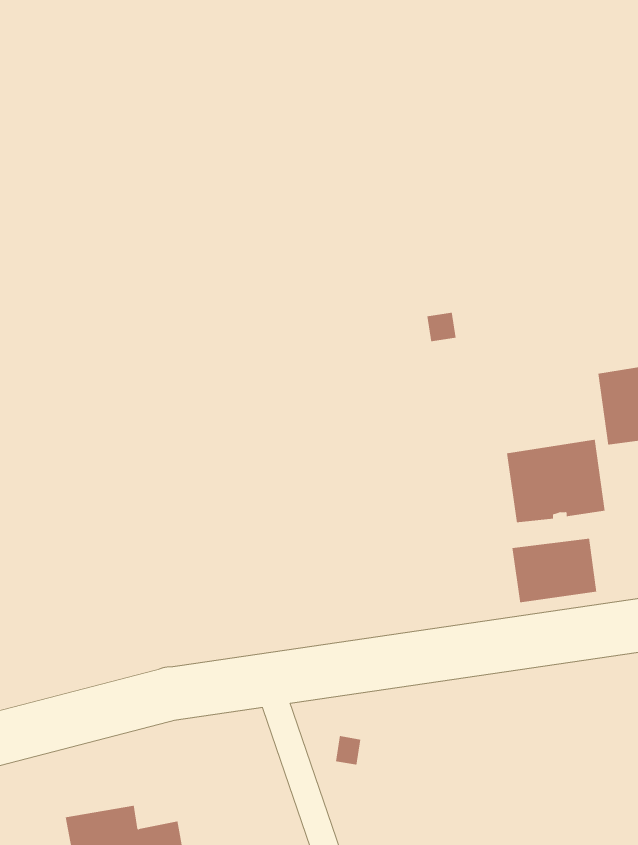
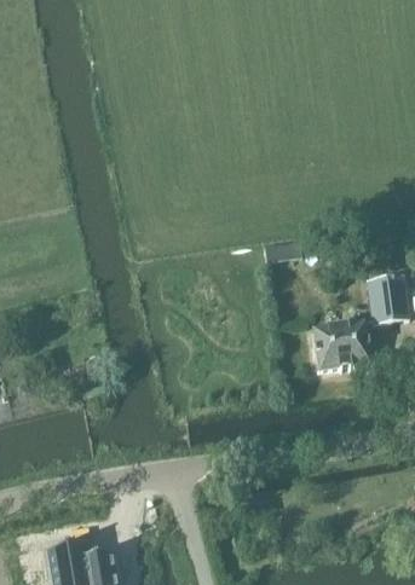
building: [512,538,597,603] -> none

